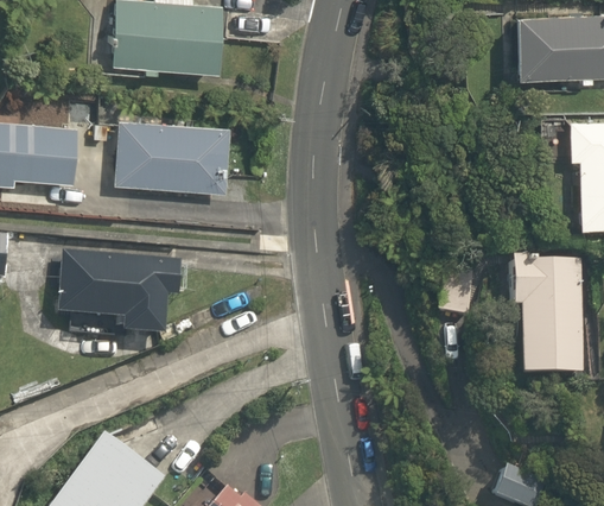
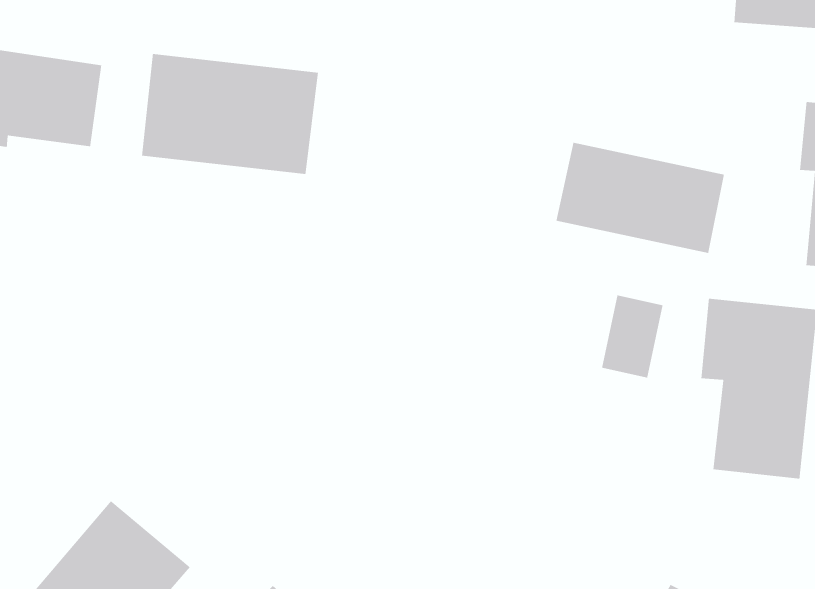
building: none -> [555,142,725,254]
building: [56,245,179,342] -> none

